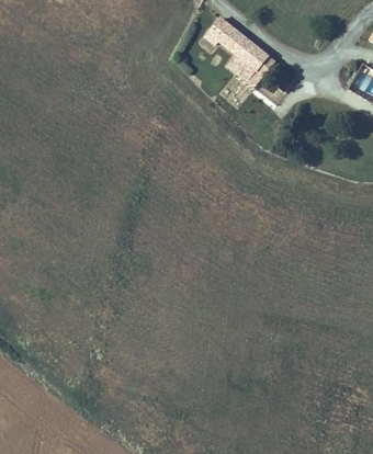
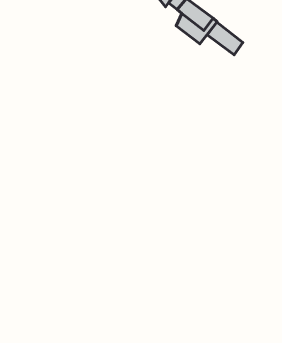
building: none -> [207,22,243,55]

